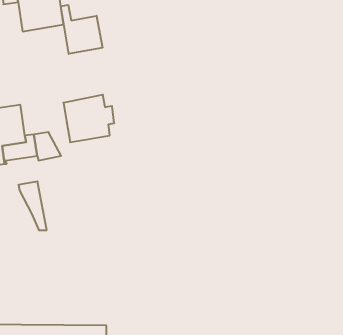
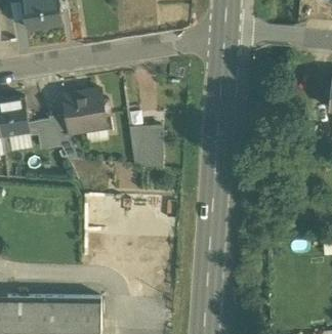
building: [61,5,102,54] -> none
building: none -> [131,126,164,168]
building: [18,181,47,230] -> [49,114,75,158]

